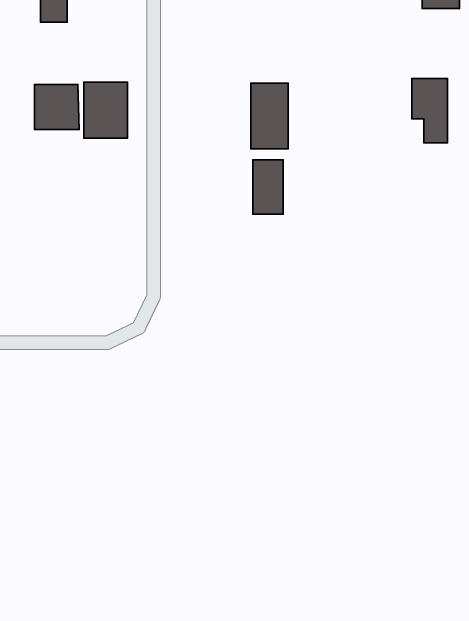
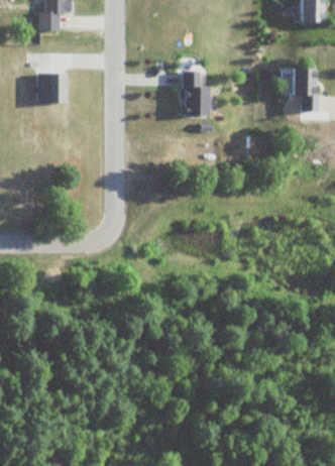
building: [84,82,127,138] -> none
building: [253,160,283,214] -> none

